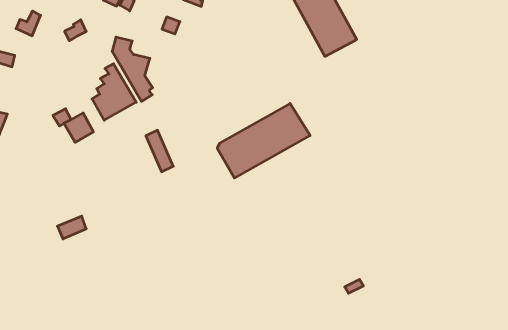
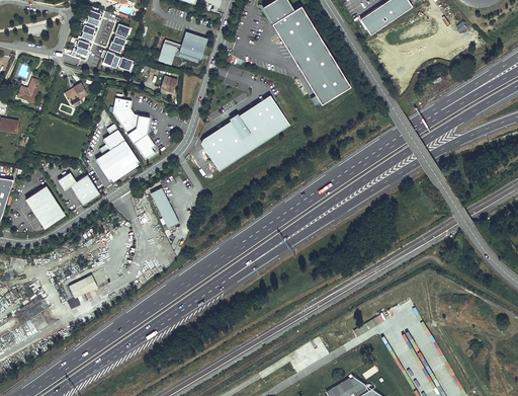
building: [217,103,310,178] -> [201,95,291,171]
building: none -> [26,186,64,227]

